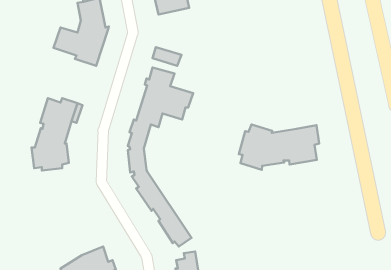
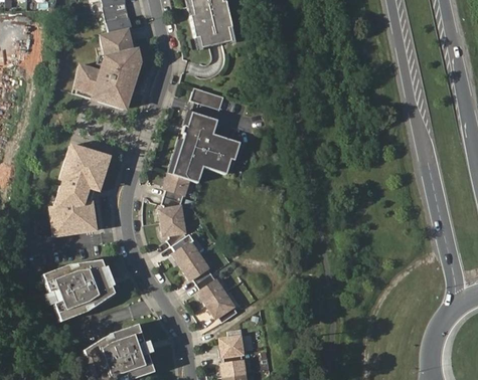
building: [239,124,319,170] -> none
building: none -> [38,260,109,322]

